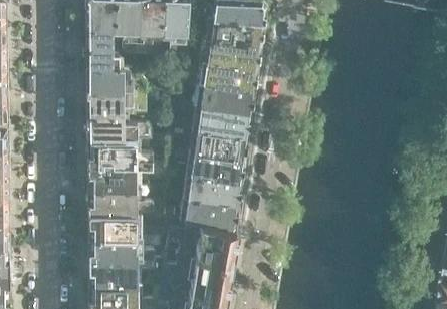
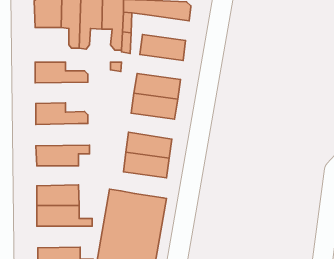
building: [211,18,265,48] -> none
building: [86,33,116,73] -> none
building: [205,64,258,93] -> none
building: [86,96,148,121] -> none
building: [195,132,248,163] -> none
building: [87,144,150,171] -> none
building: [88,194,151,217] -> none
building: [186,201,239,231] -> none
building: [88,264,153,289] -> none

